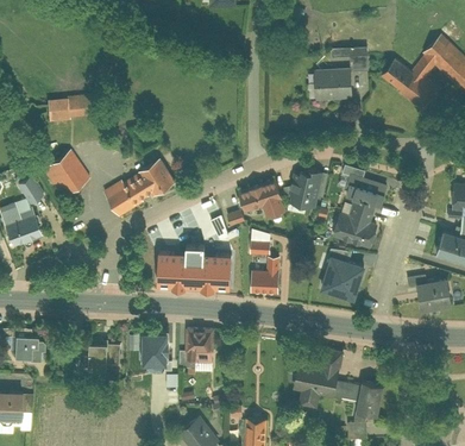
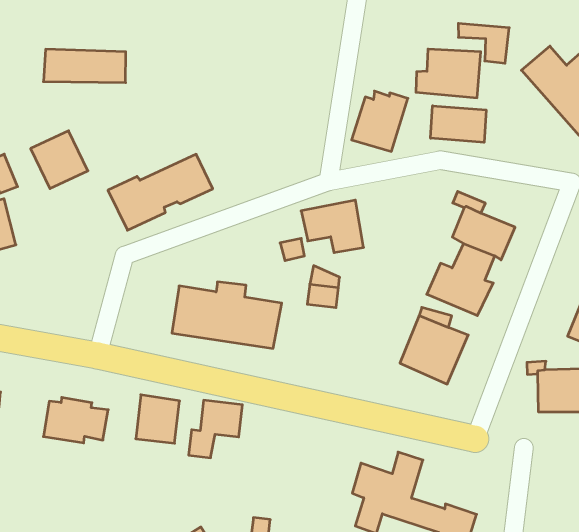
building: none -> [431,106,486,142]
building: [288,168,323,208] -> [352,91,408,151]
building: [251,257,282,295] -> none

